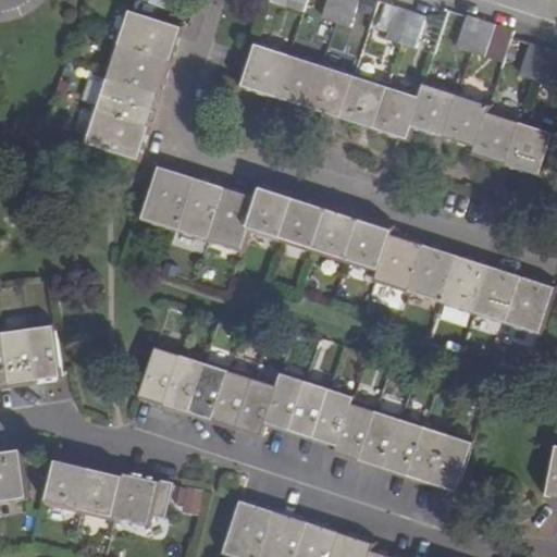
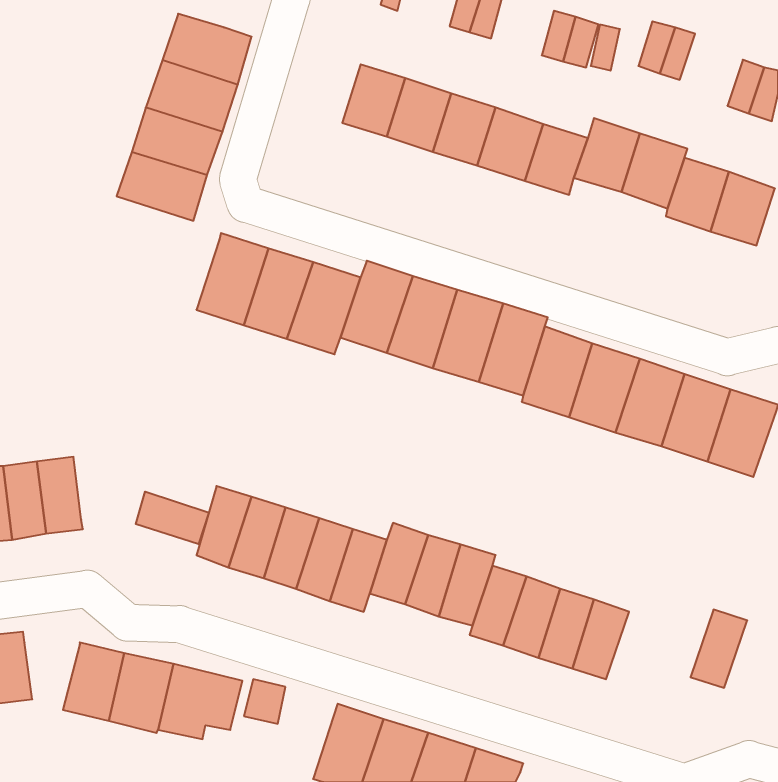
building: none -> [136,492,209,544]
building: [430,434,470,490] -> [690,610,747,688]

